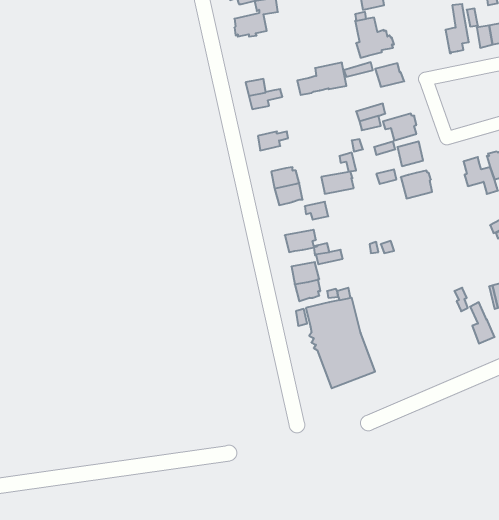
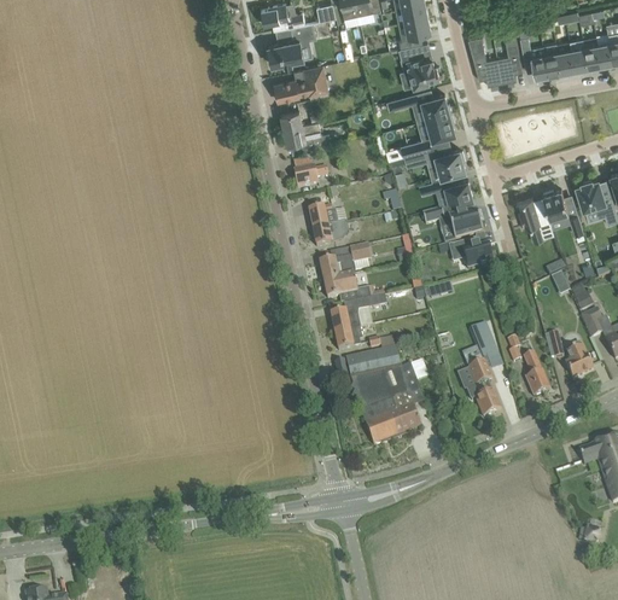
building: none -> [468,35,502,85]
building: [297,63,346,95] -> [275,64,328,99]
building: none -> [427,112,456,139]
building: [321,171,354,194] -> [320,255,355,279]
building: none -> [451,238,494,268]
building: none -> [457,322,502,416]

